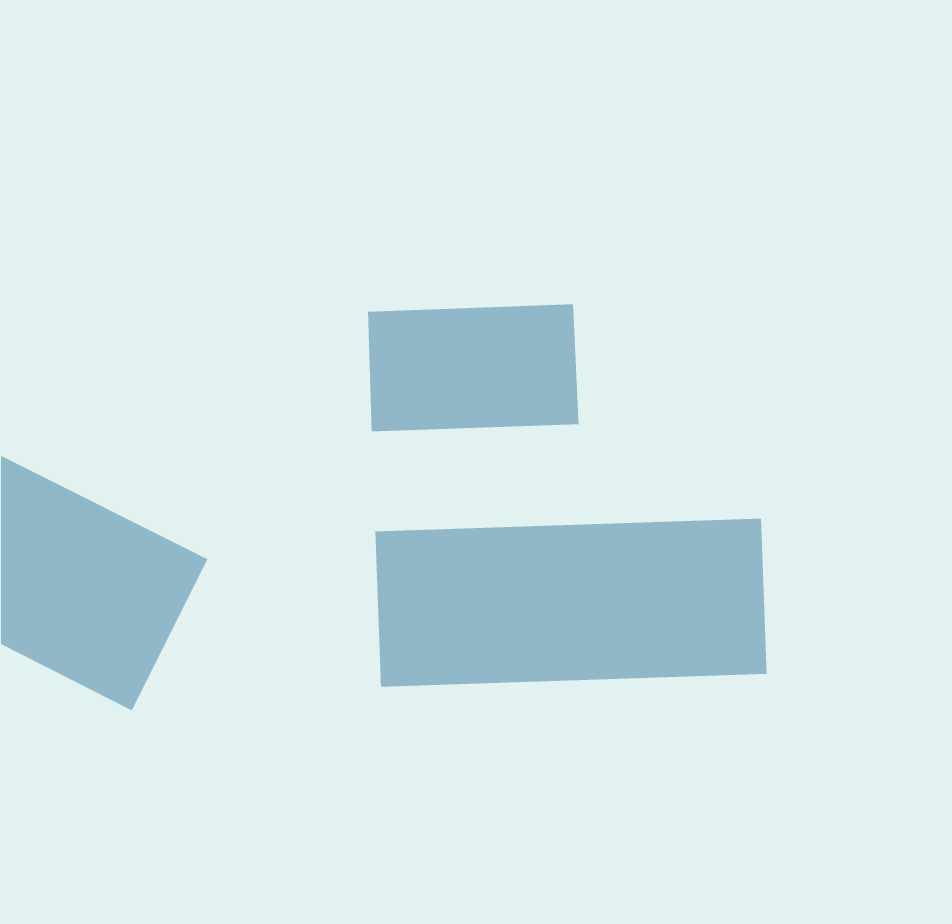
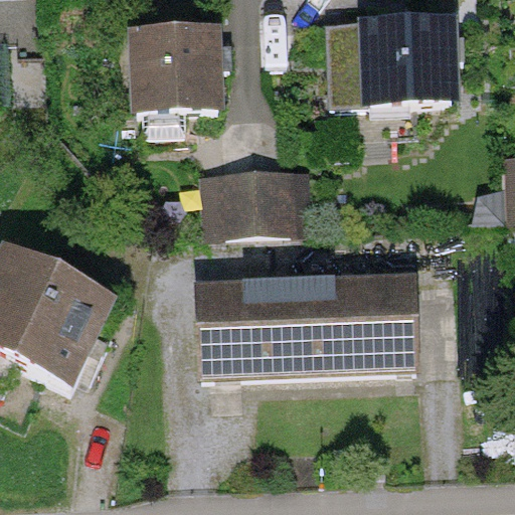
building: none -> [328,15,463,107]
building: none -> [127,23,226,113]

